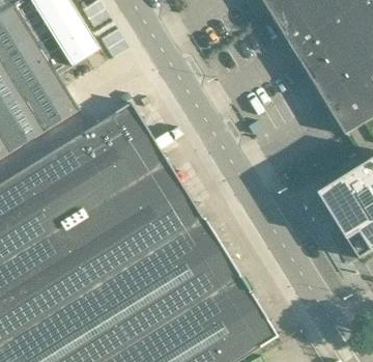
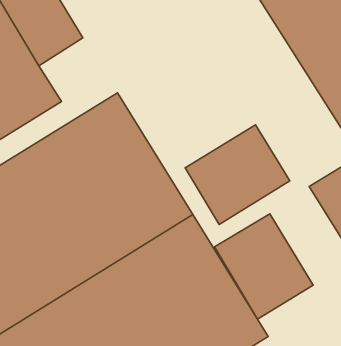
building: none -> [185,125,290,224]
building: none -> [214,214,313,319]

